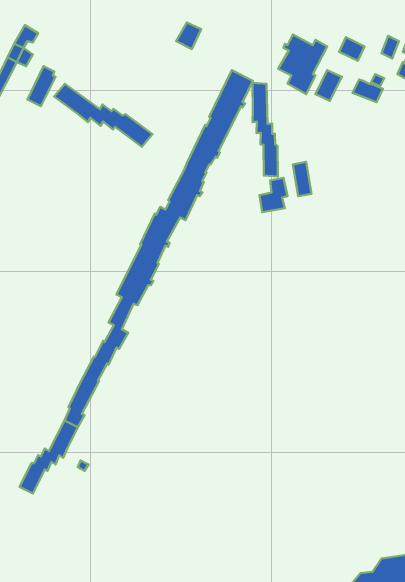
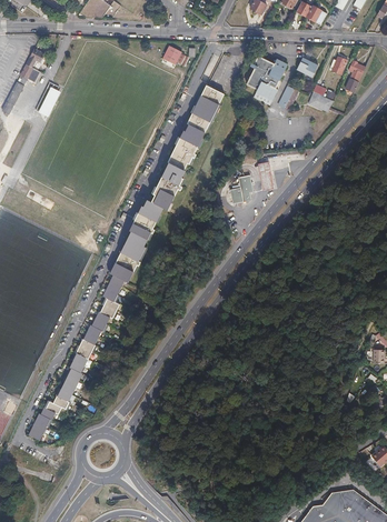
building: [252,83,278,177] -> none
building: [54,84,152,147] -> none

